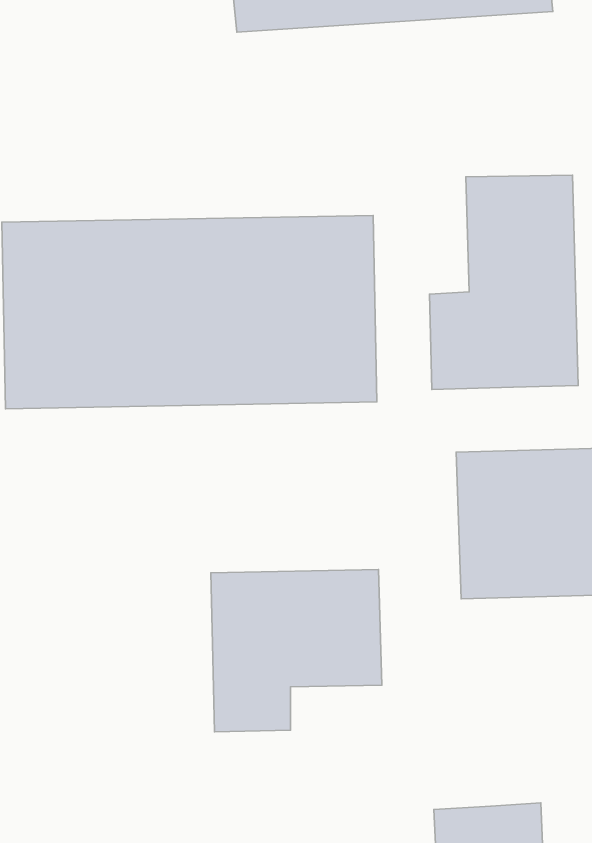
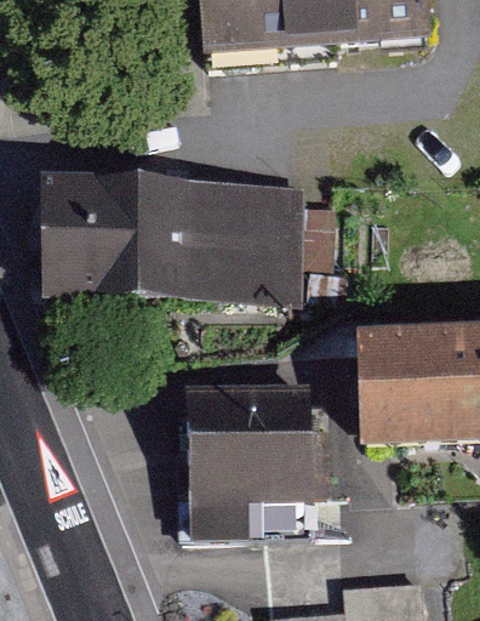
building: [429,175,578,390] -> none

